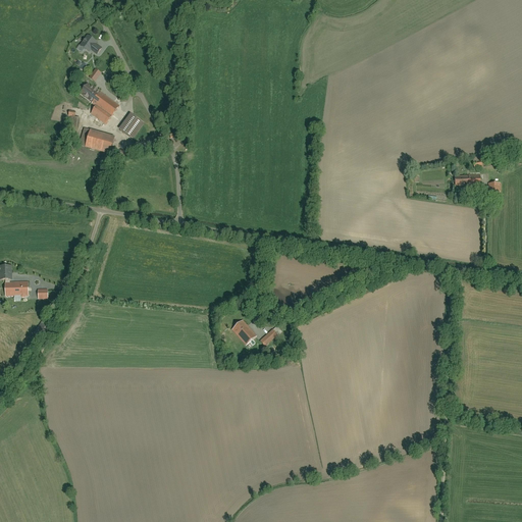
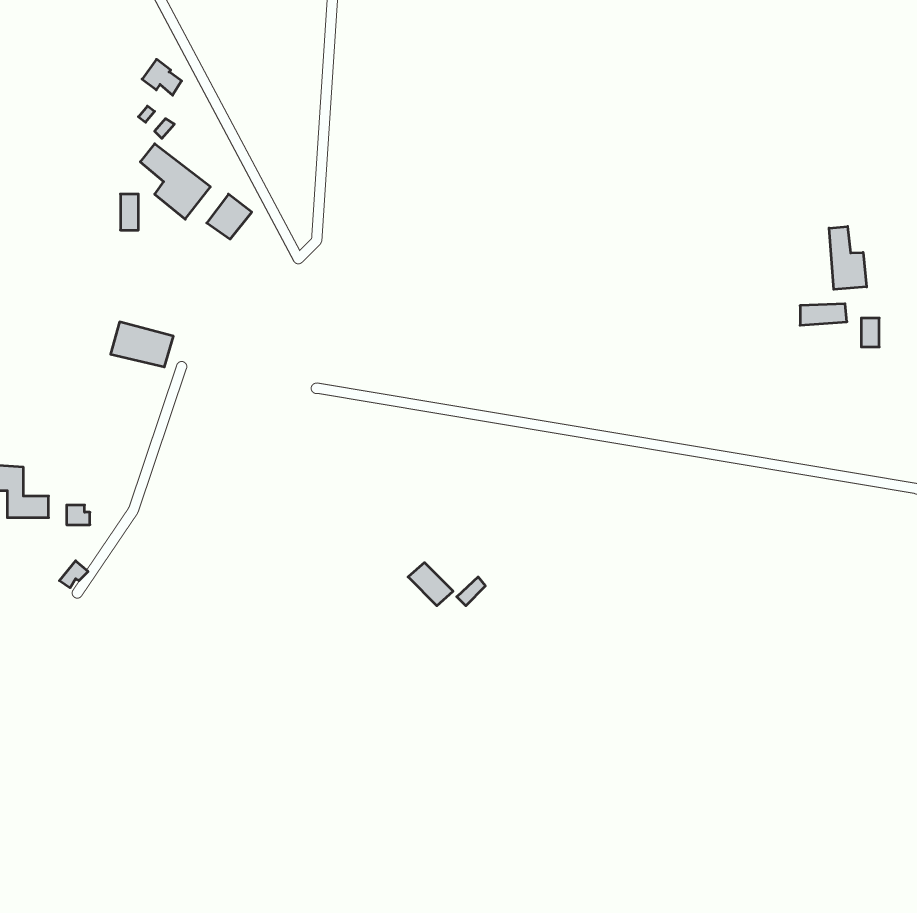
building: [77,125,113,151] -> [111,322,173,367]
building: none -> [829,226,867,289]

